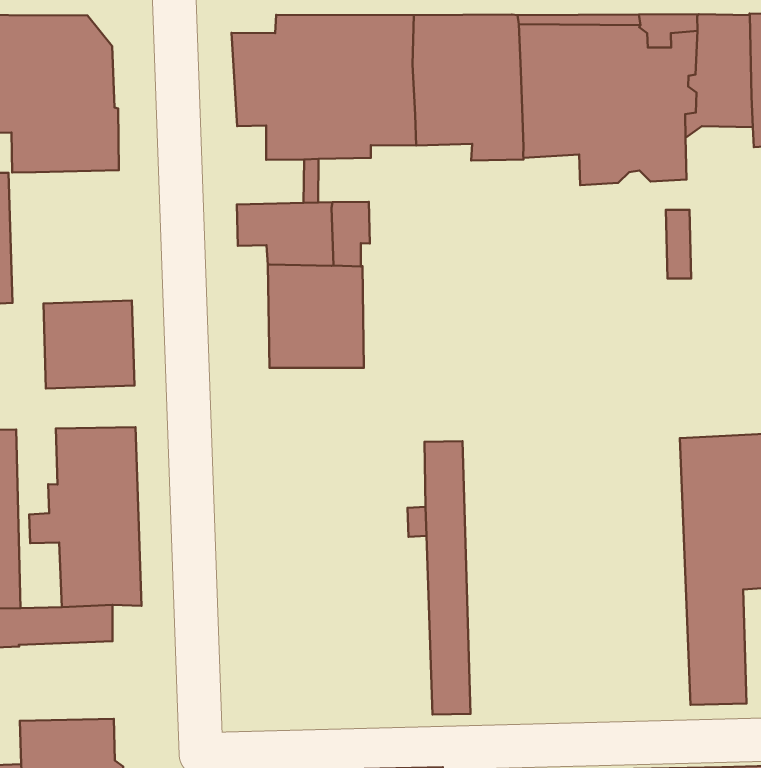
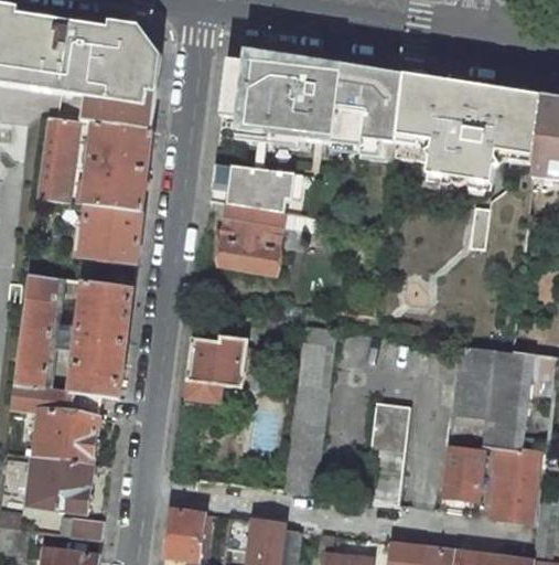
building: none -> [77,124,152,211]
building: none -> [185,335,248,407]
building: none -> [365,402,411,504]
building: none -> [34,409,100,463]

